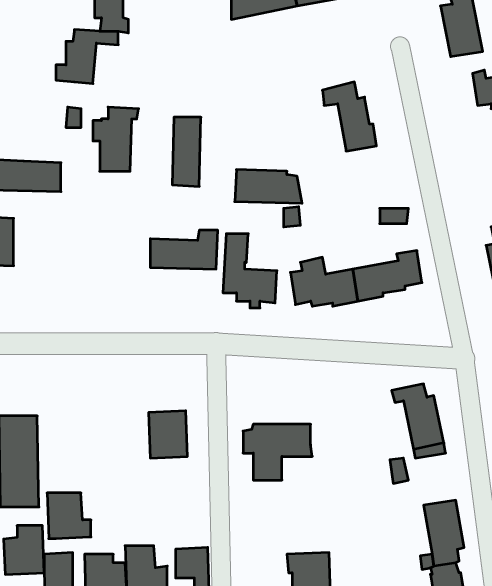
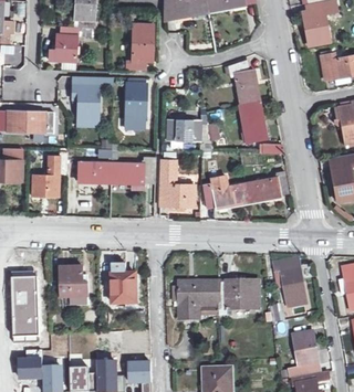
building: none -> [123,22,154,67]
building: none -> [240,100,266,140]
building: none -> [31,150,67,195]
building: none -> [79,160,112,180]
building: none -> [217,282,256,315]
building: [47,493,91,539] -> [59,267,87,297]

